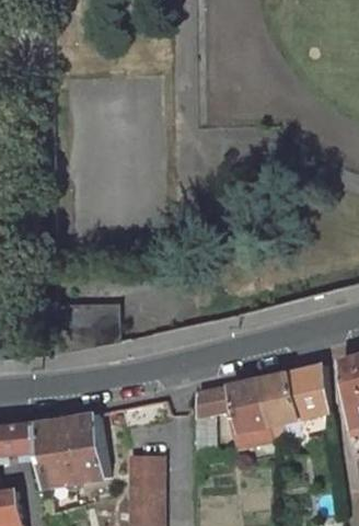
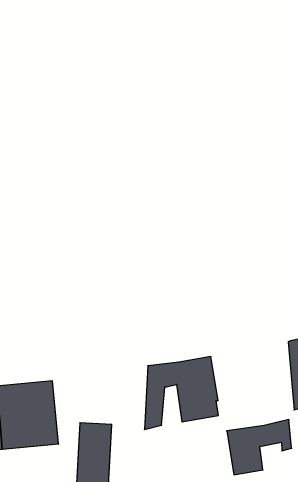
building: [76,300,125,339] -> none
building: [260,364,328,424] -> [227,419,292,475]

